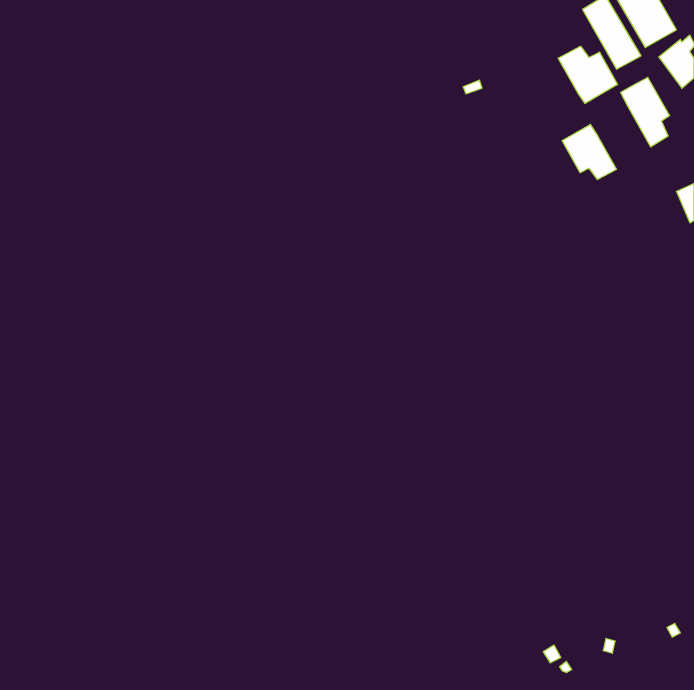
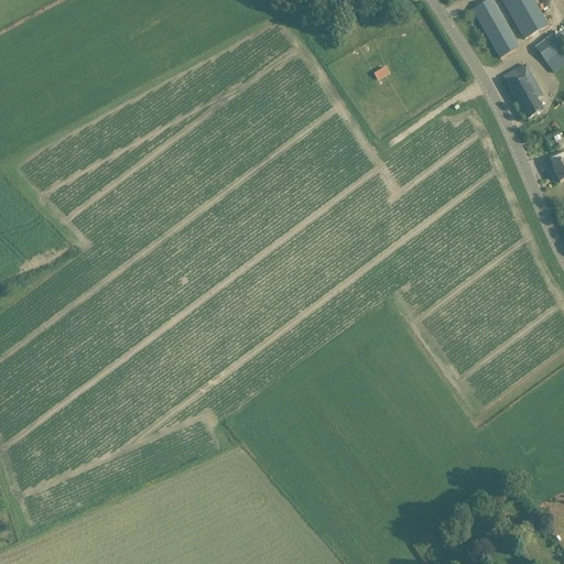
building: [558,46,618,103] -> none
building: [562,124,617,180] -> none

